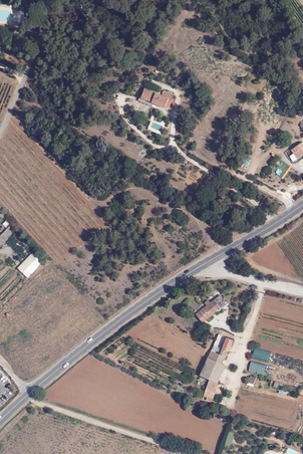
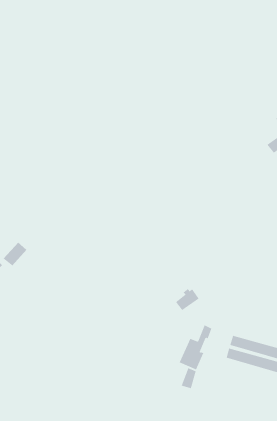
building: [137,88,175,108] -> none

